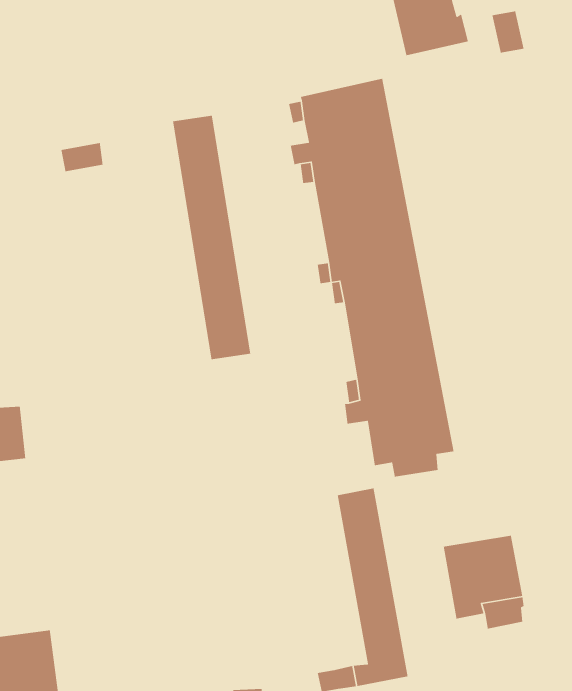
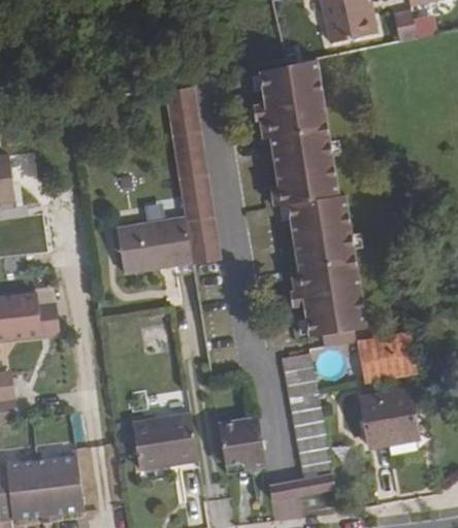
building: none -> [117,218,192,273]
building: none -> [359,332,413,381]
building: none -> [131,414,198,469]
building: none -> [218,416,264,468]

